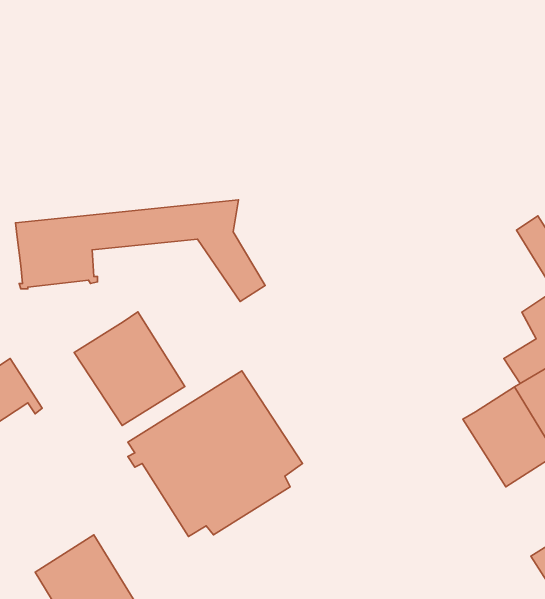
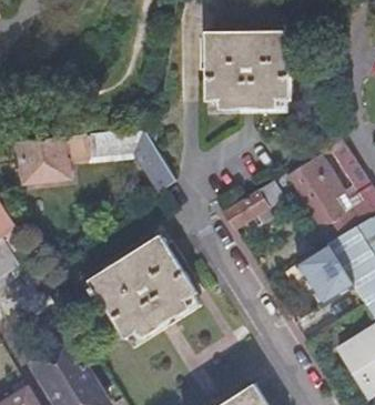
building: none -> [205,31,291,109]
building: none -> [223,154,343,229]
building: [74,312,185,425] -> none

